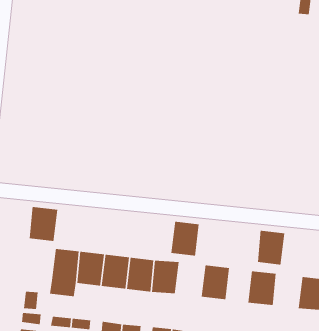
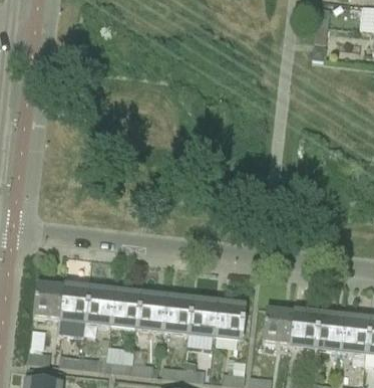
building: [29,207,58,242] -> [34,282,64,319]
building: [170,221,200,256] -> [189,300,219,336]
building: [257,230,285,265] -> [290,312,319,348]

